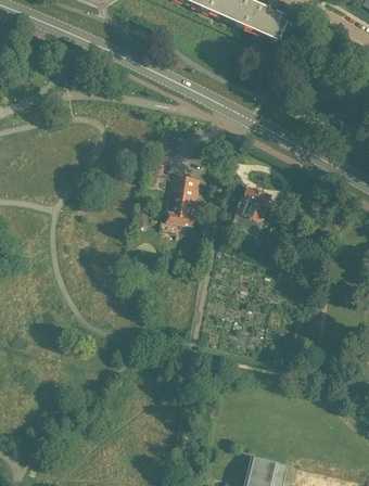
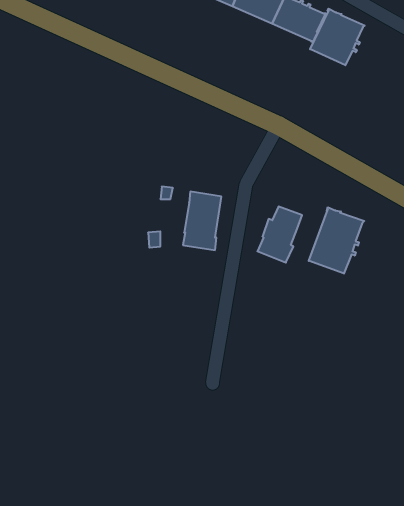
building: none -> [310,9,365,65]
building: none -> [309,207,364,274]

